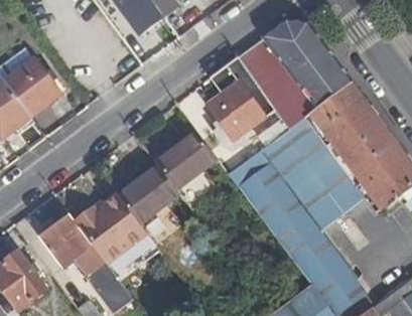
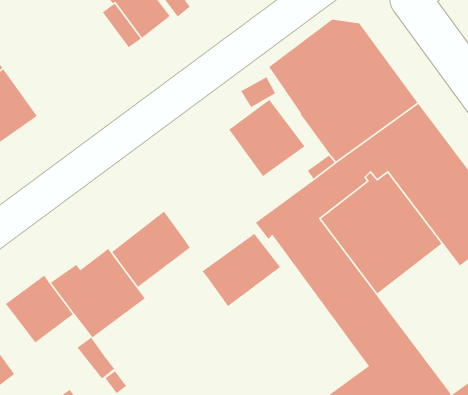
building: [154,132,215,188] -> [201,233,281,307]

